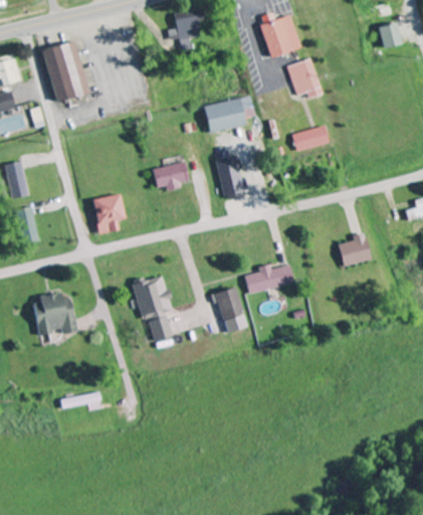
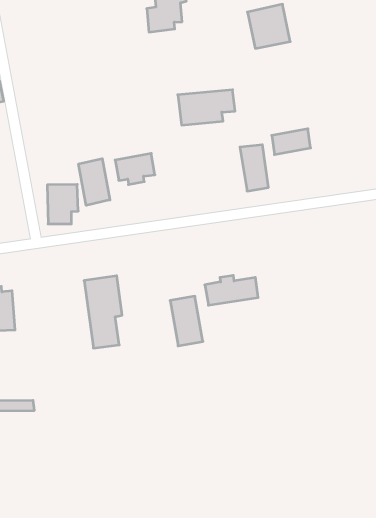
building: [43,40,89,101] -> none
building: [288,59,322,98] -> none
building: [216,156,245,199] -> [240,145,268,191]
building: none -> [79,159,110,205]
building: [338,232,371,267] -> none

